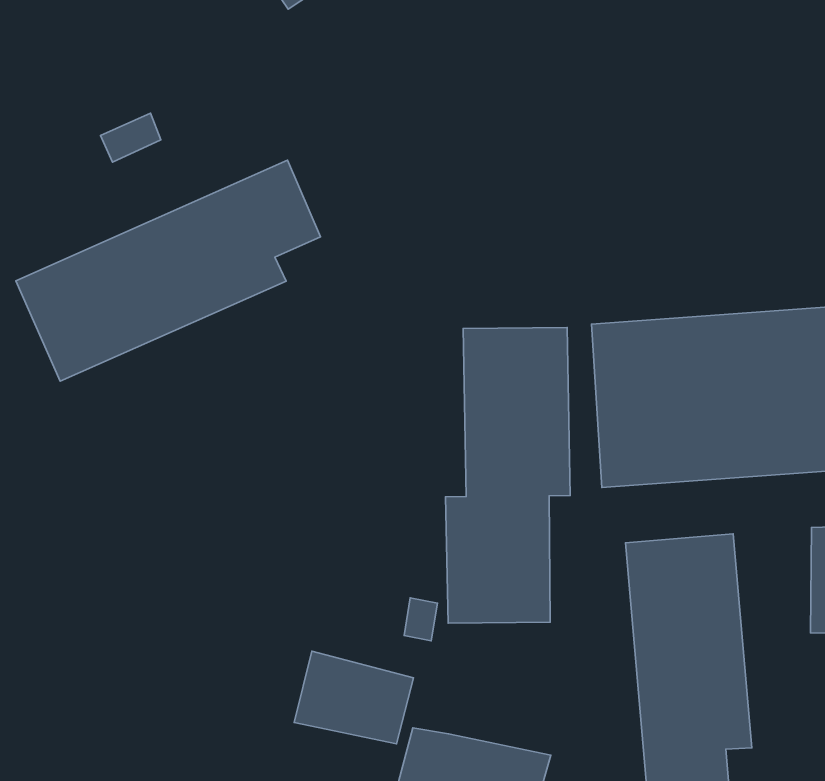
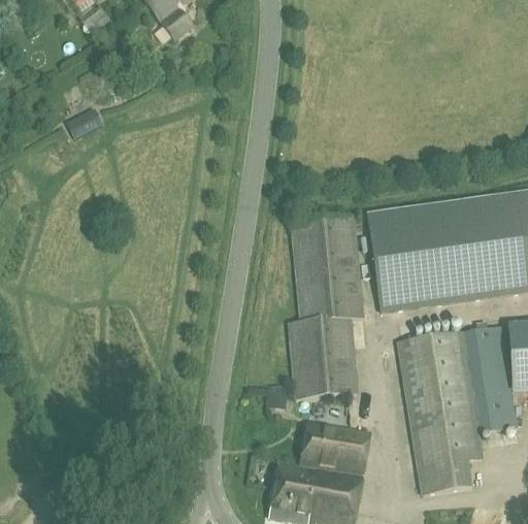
building: [16,160,321,381] -> none
building: none -> [465,325,516,431]
building: [294,651,414,744] -> [300,420,369,471]

